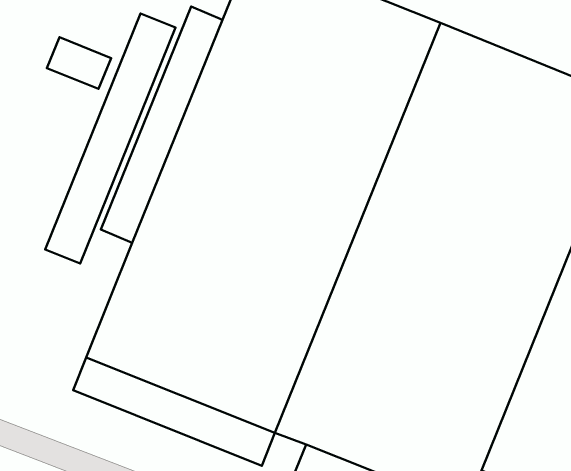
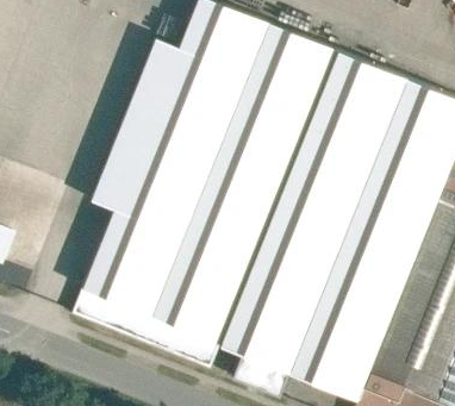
building: [45,13,175,263] -> none
building: [47,37,111,89] -> none

